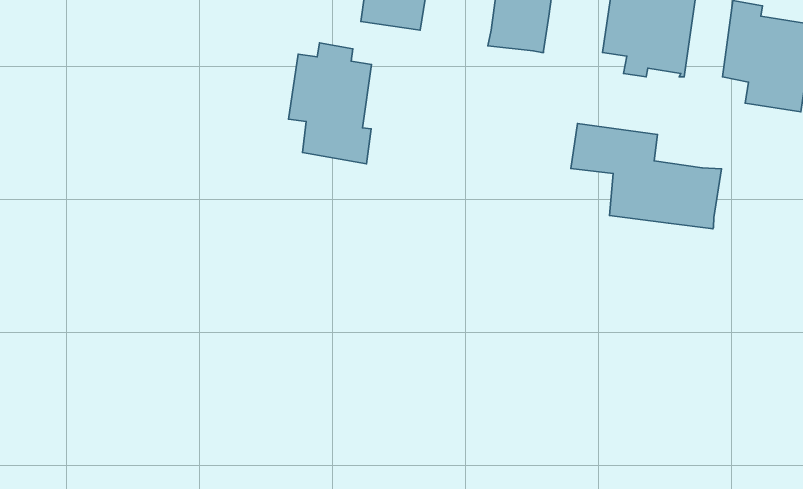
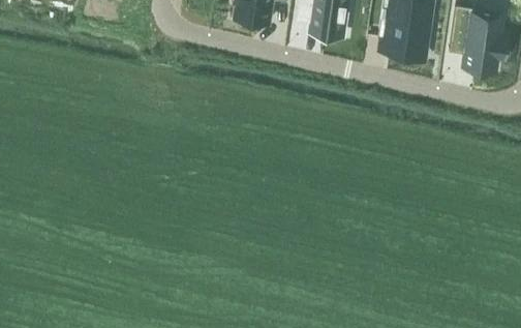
building: [288,43,371,164] -> none
building: [571,123,722,229] -> none

